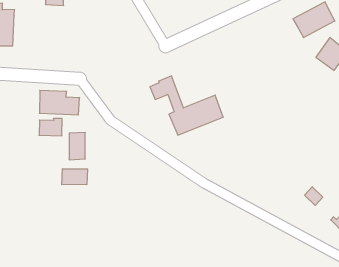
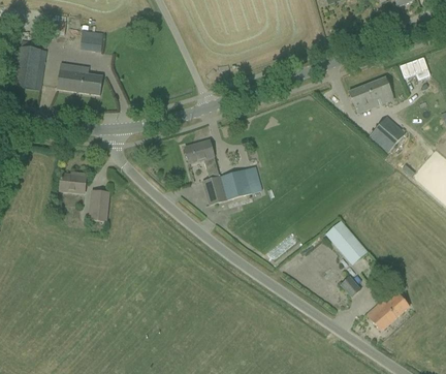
building: [39,90,80,115] -> [57,63,102,94]
building: none -> [328,222,367,263]
building: [62,169,88,185] -> none

